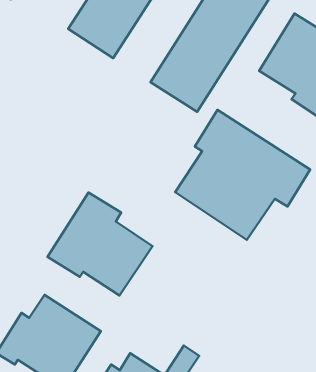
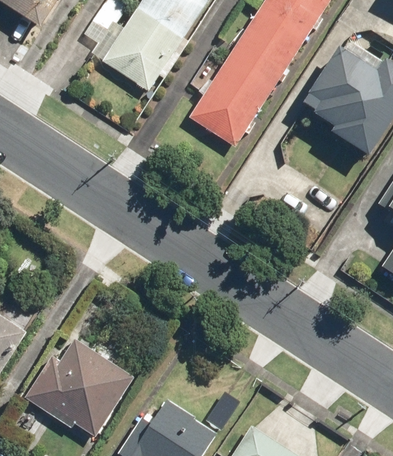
building: [175,110,310,240] -> none
building: [47,193,153,295] -> none

